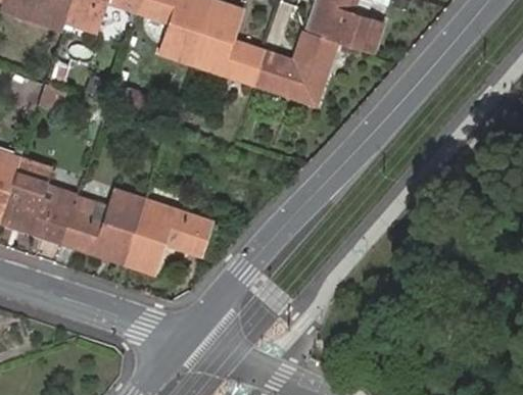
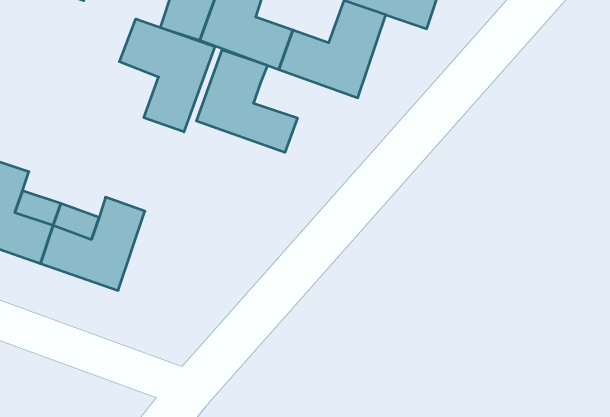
building: none -> [119,19,215,132]
building: none -> [196,50,297,152]
building: [124,200,210,275] -> none

